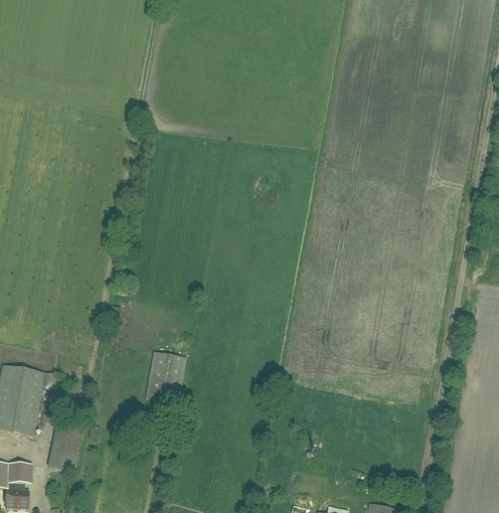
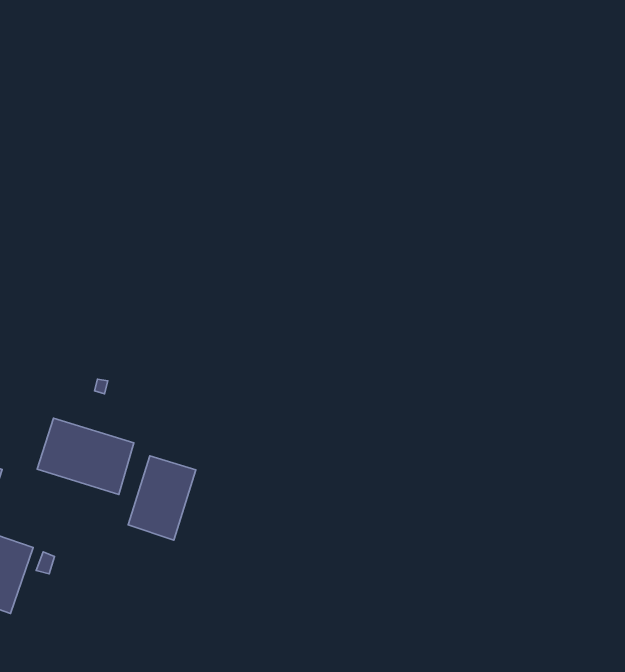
building: none -> [37,418,134,495]

